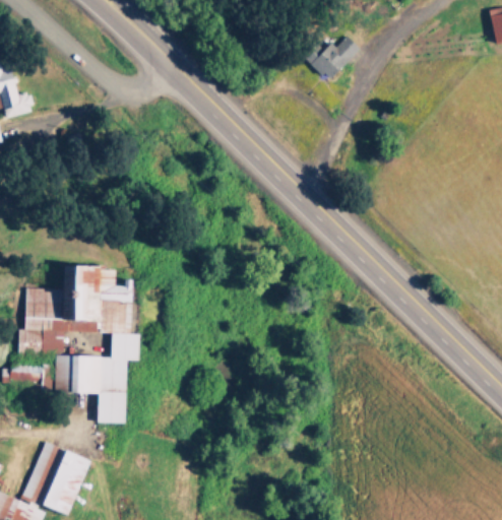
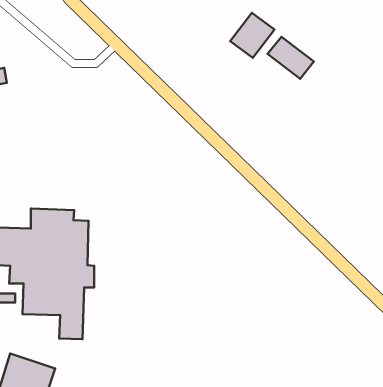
building: none -> [268,37,314,79]

